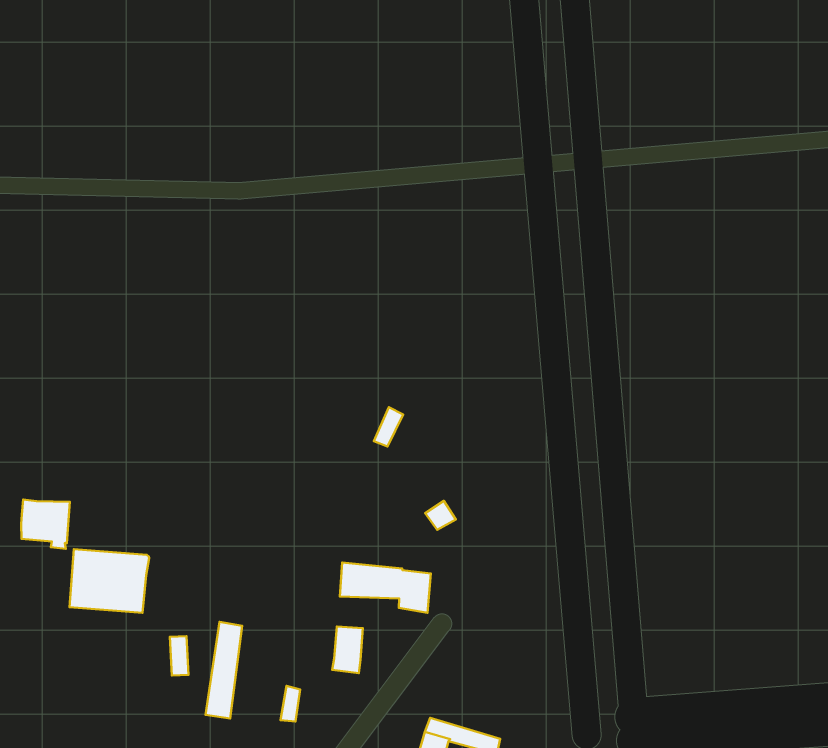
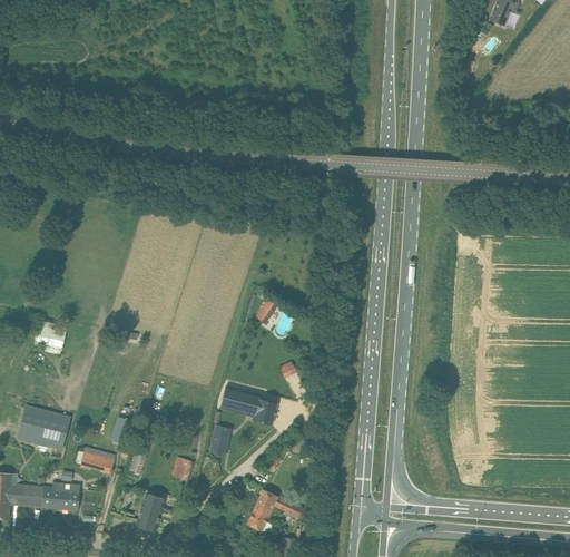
building: [70,549,149,613] -> [18,404,70,449]
building: none -> [80,447,115,472]

